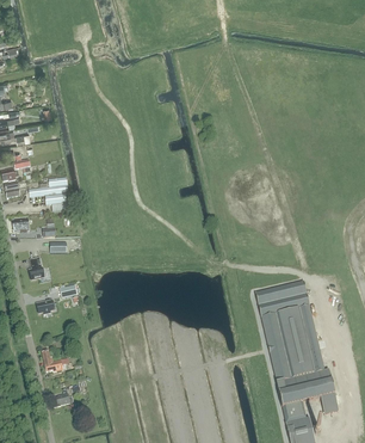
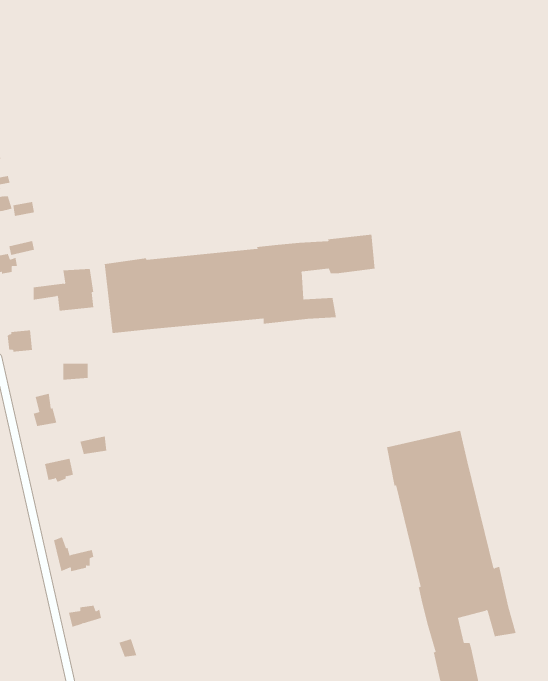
building: none -> [104,234,375,334]

